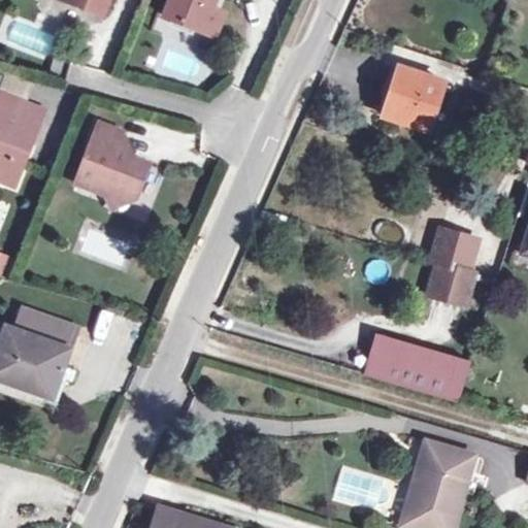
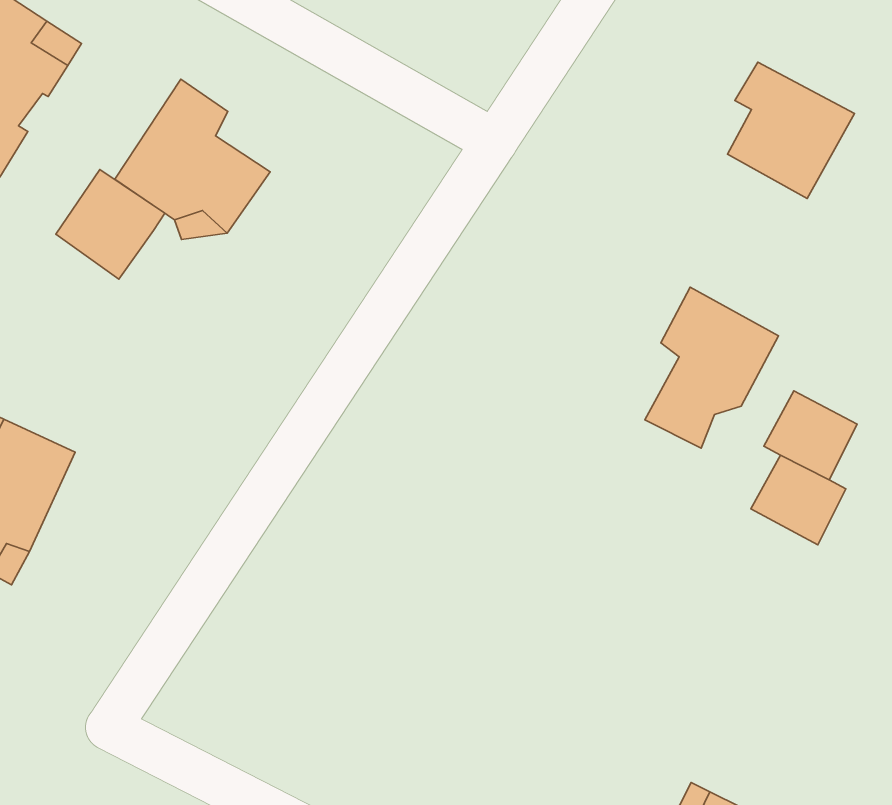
building: none -> [56,170,165,279]
building: none -> [645,287,778,448]
building: [369,332,472,401] -> none

